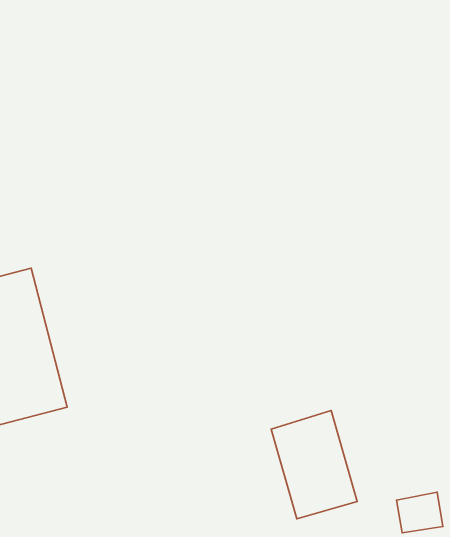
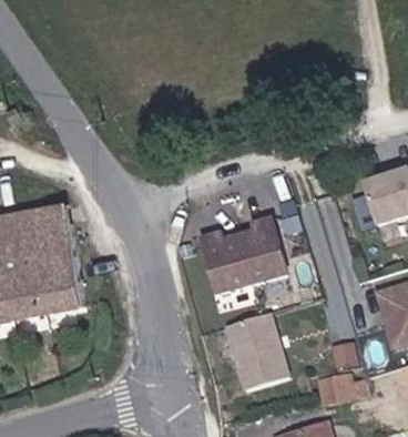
building: none -> [206,223,289,294]

